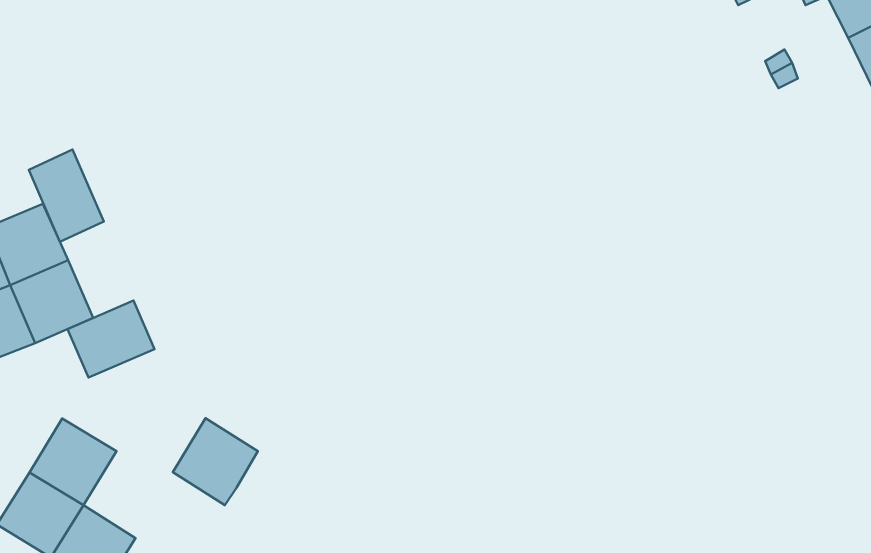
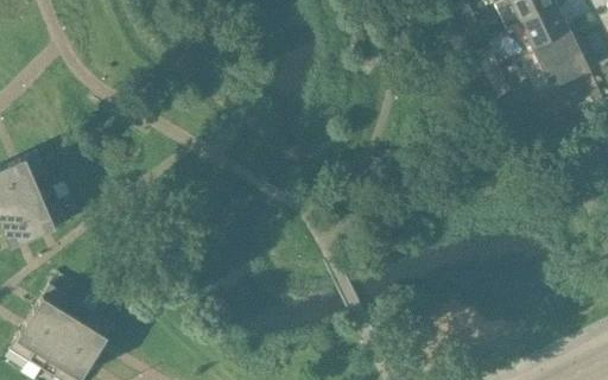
building: [29,149,104,242] -> none
building: [68,300,155,378] -> none
building: [173,418,258,505] -> [63,306,115,360]

